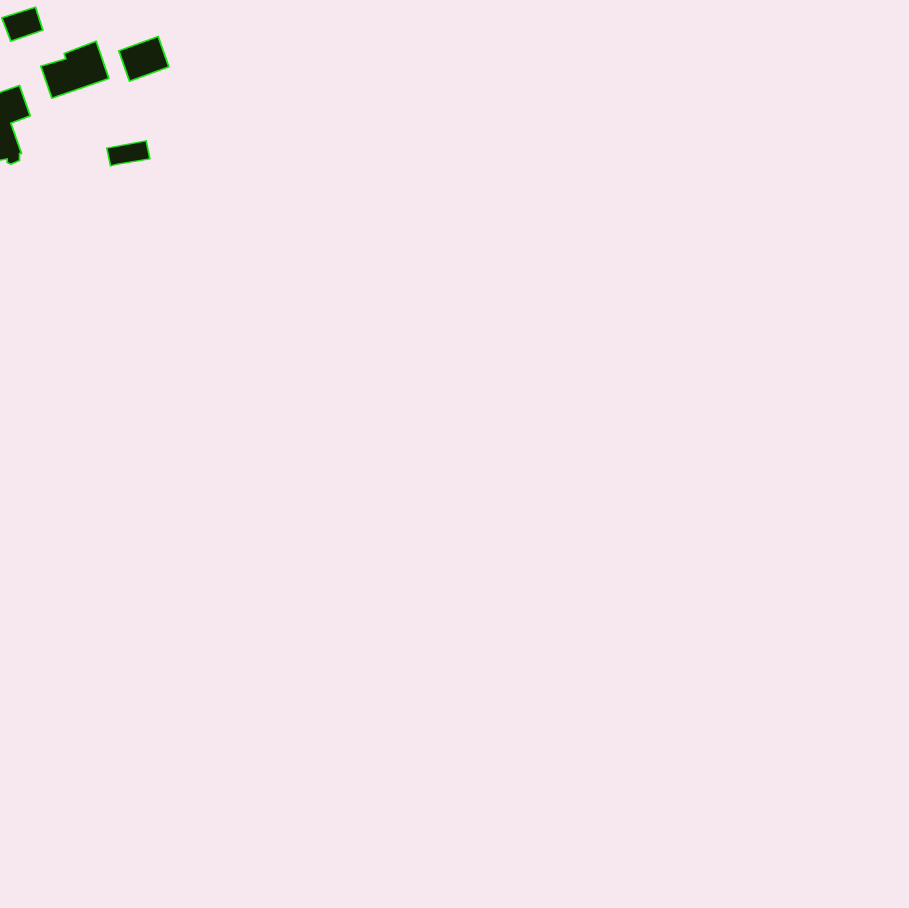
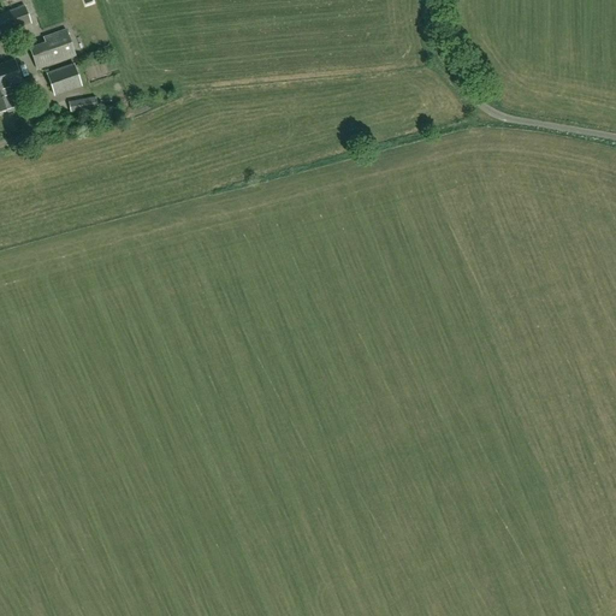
building: [119,37,169,81] -> [46,63,79,93]

